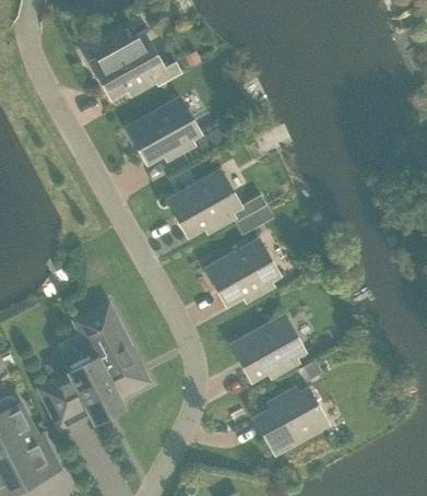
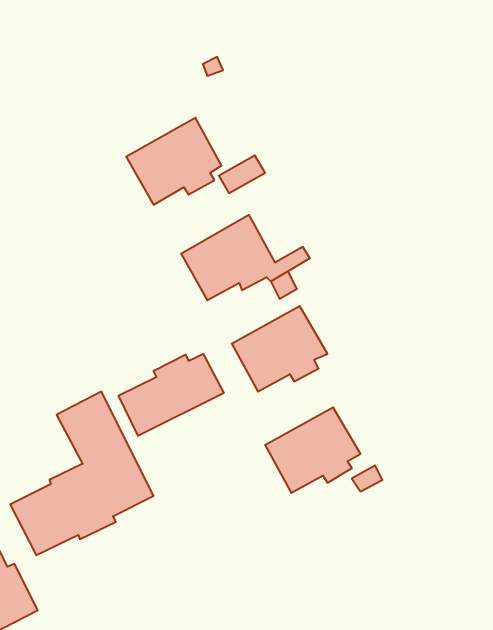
building: [91,33,180,97] -> none
building: none -> [119,354,224,436]
building: [256,388,328,453] -> none

